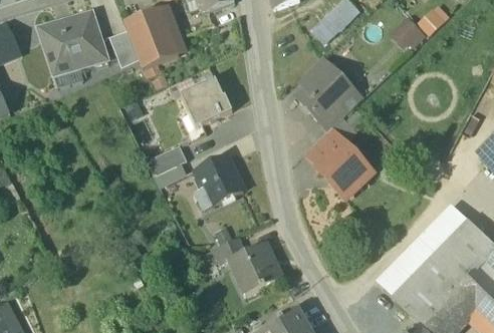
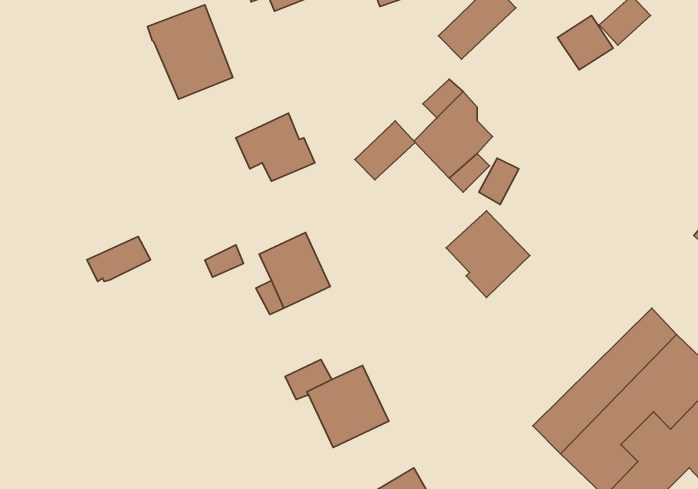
building: [40,12,108,75] -> none
building: [108,29,139,67] -> none
building: [304,125,343,163] -> [355,121,415,180]
building: [146,143,187,173] -> [87,237,150,281]

